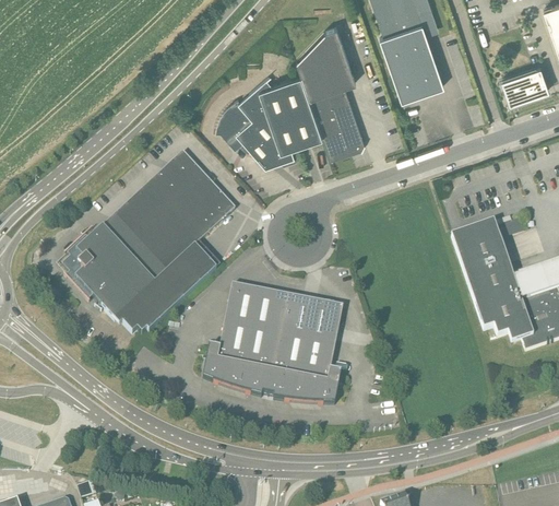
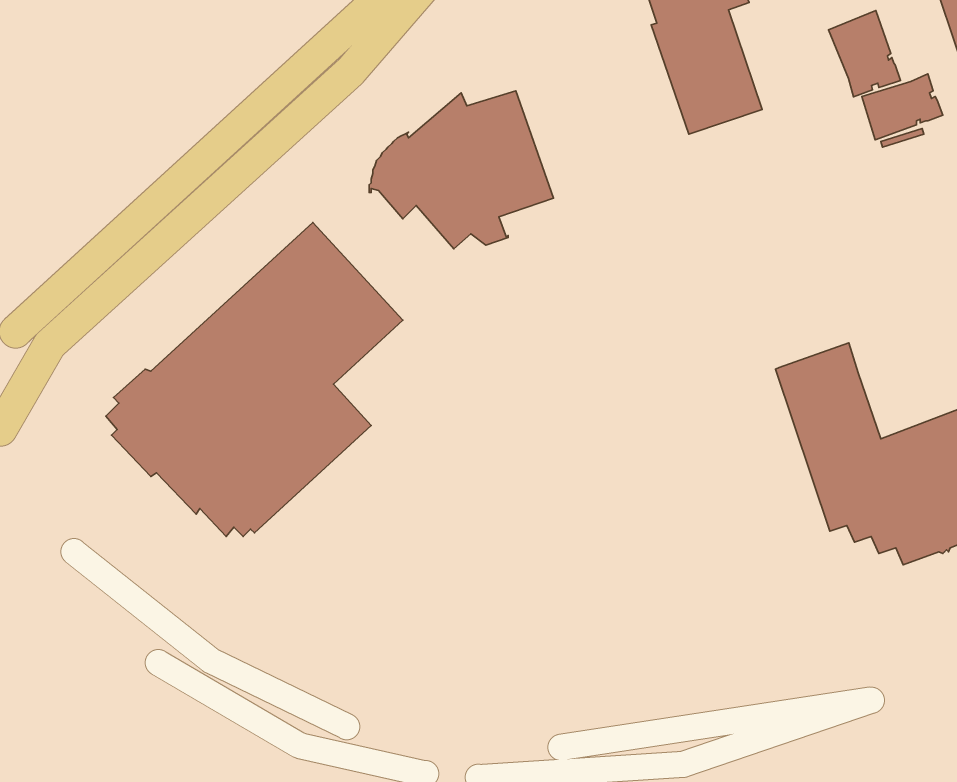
building: [297,25,366,158] -> none
building: none -> [829,11,901,97]
building: [203,283,344,402] -> none

